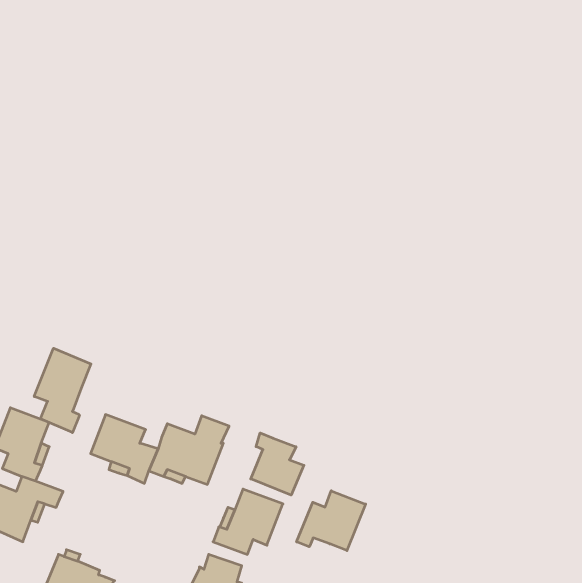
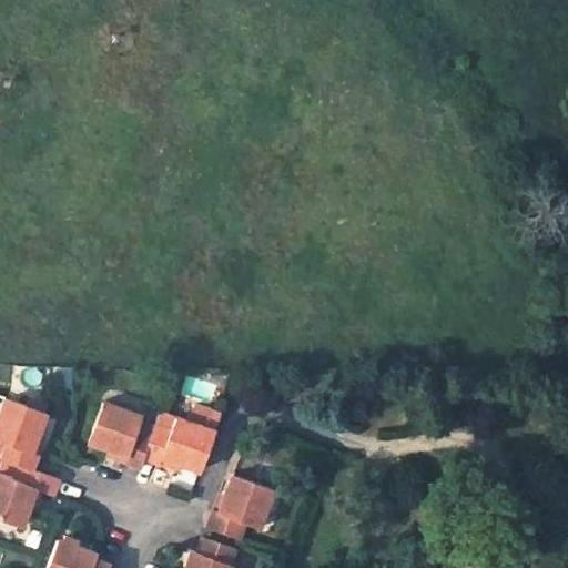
building: [34,348,91,433] -> none
building: [251,433,304,495] -> none
building: [297,491,366,551] -> none

